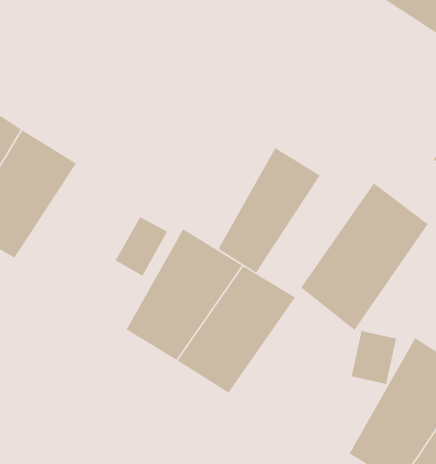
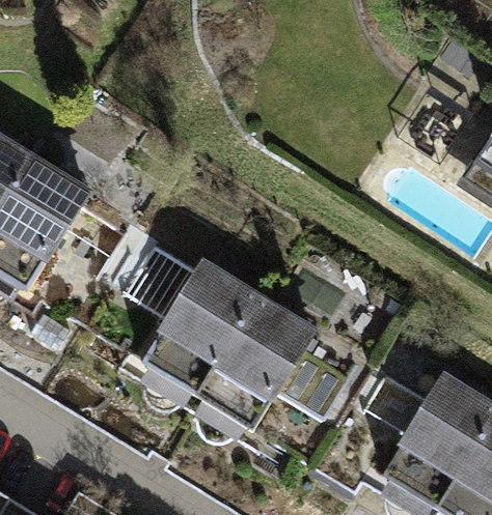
building: [218,147,321,273] -> none
building: [300,182,429,331] -> none

